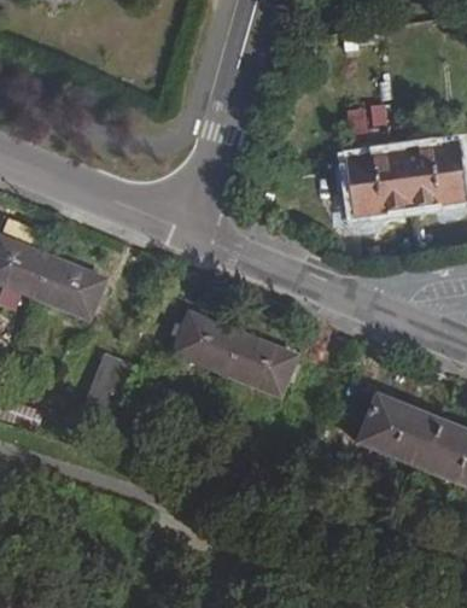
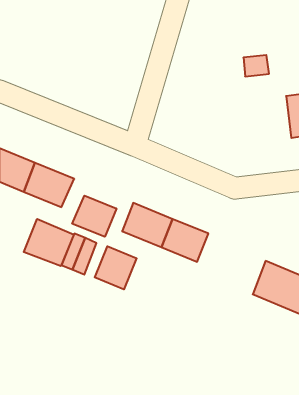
building: [349,159,411,226] -> none
building: none -> [72,196,116,237]
building: none -> [24,219,74,266]
building: none -> [95,246,137,289]

